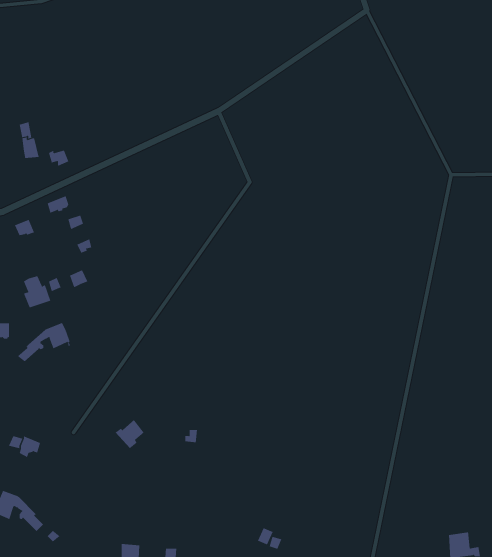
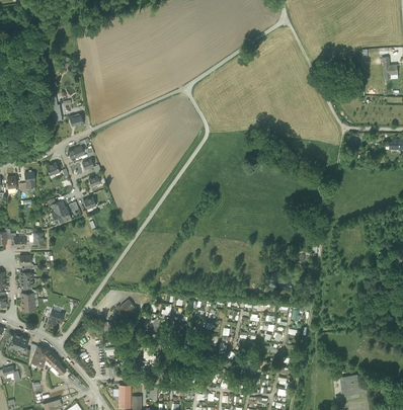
building: [17,322,71,362] -> none

